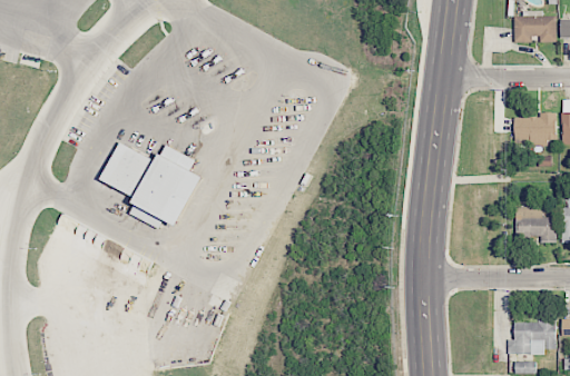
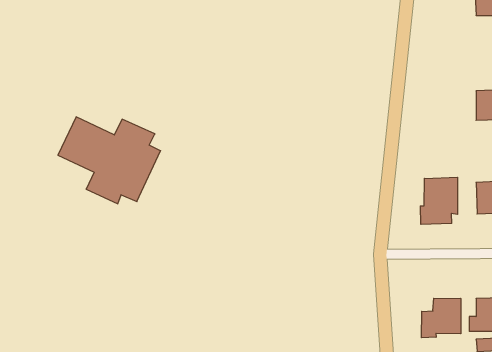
building: none -> [420,177,458,224]
building: none -> [421,298,461,338]

